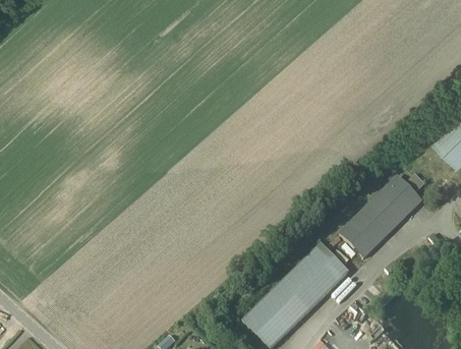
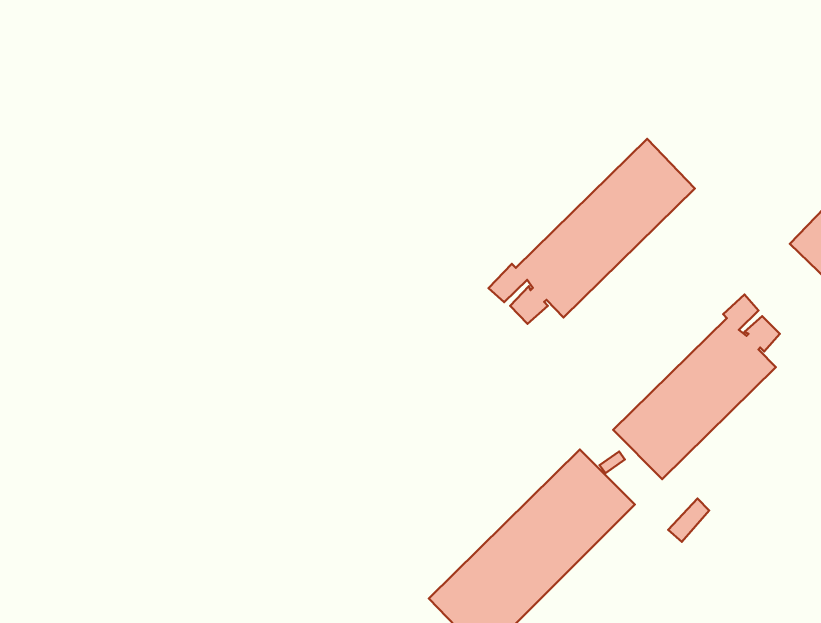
building: none -> [489,139,695,324]

